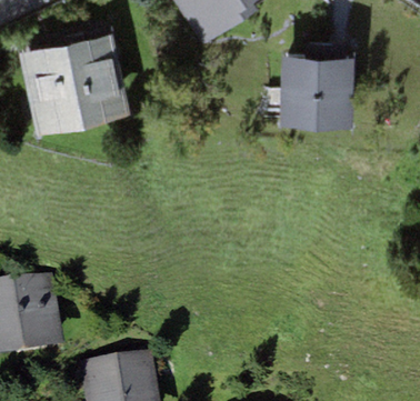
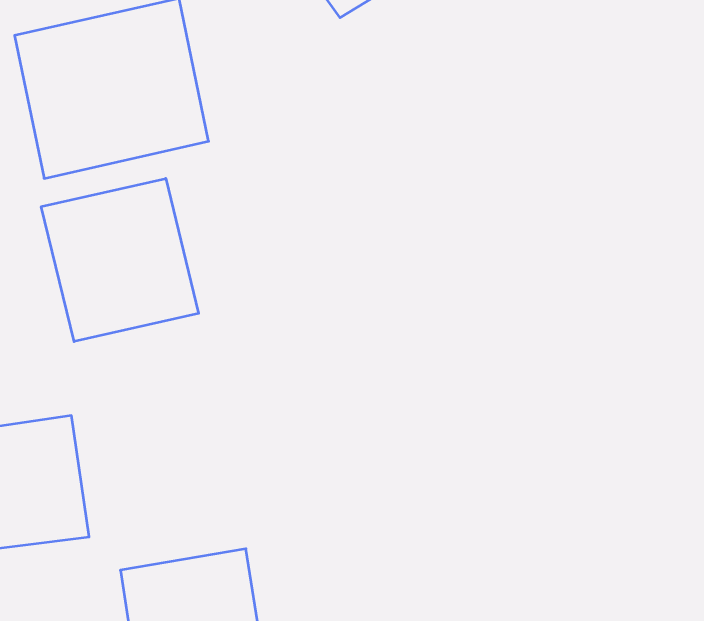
building: [281,52,353,131] -> none
building: none -> [41,178,199,342]

